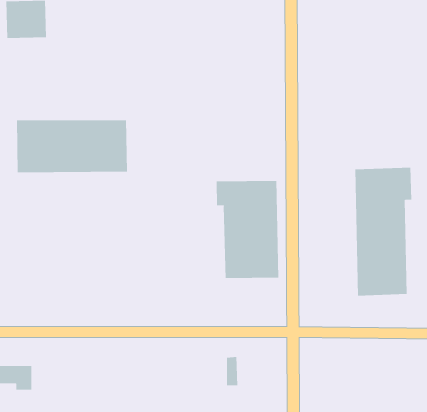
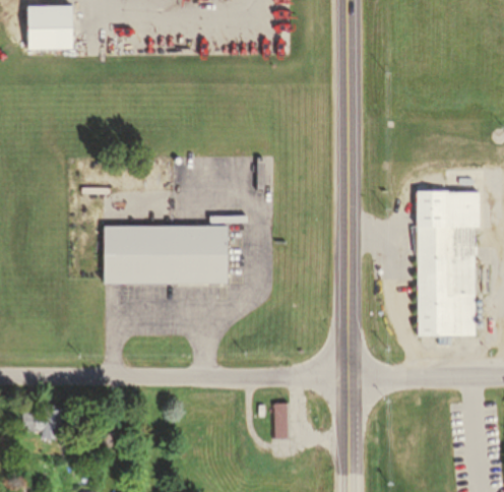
building: [16,120,128,173] -> [104,227,228,286]
building: [216,180,279,279] -> none

